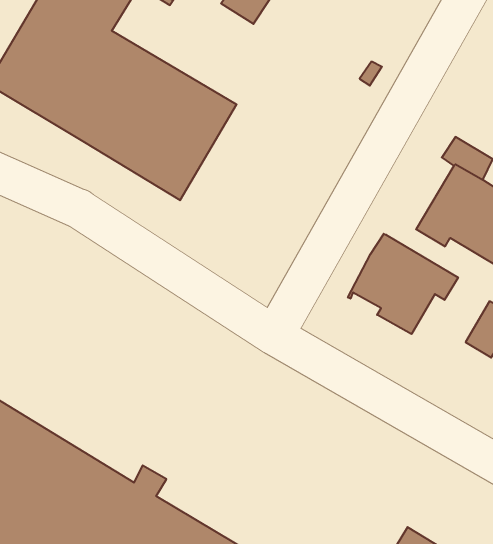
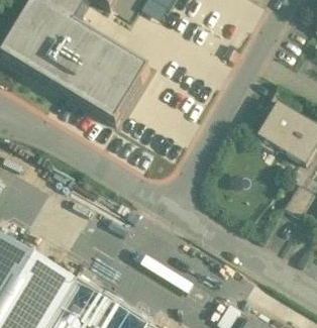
building: [348,234,458,334] -> none

